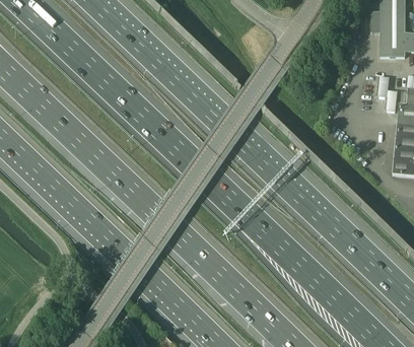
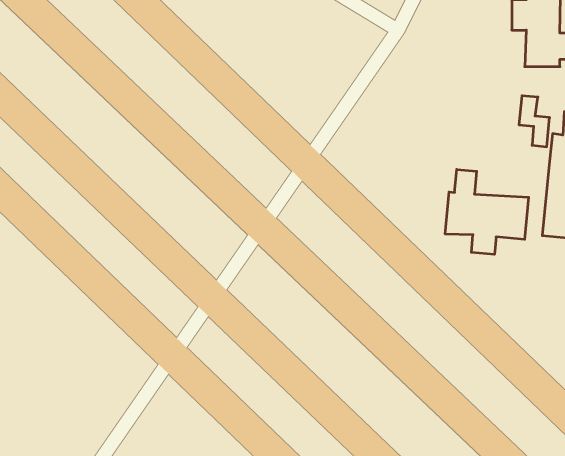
building: none -> [445,169,529,254]

